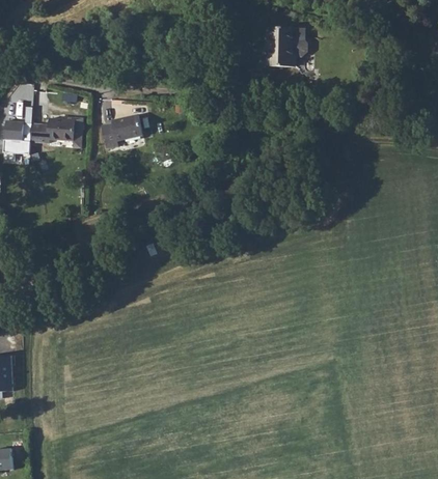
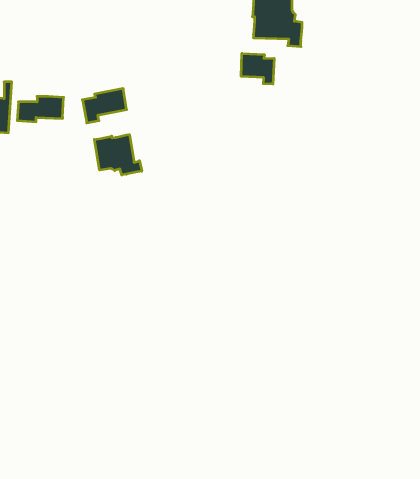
building: none -> [241,53,274,84]
building: none -> [94,135,142,175]

